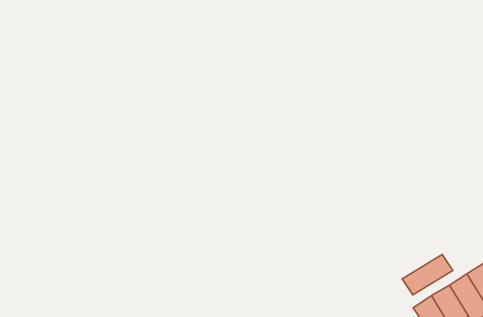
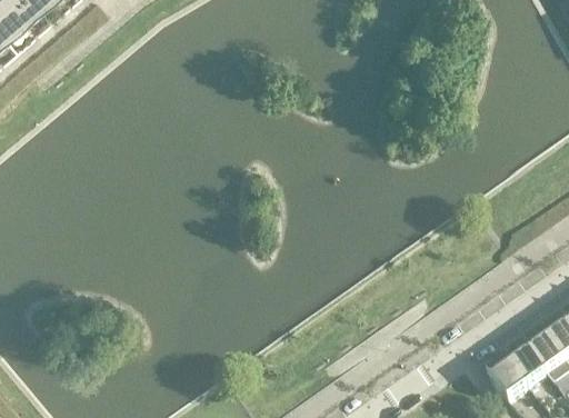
building: [402,254,453,295] -> none

